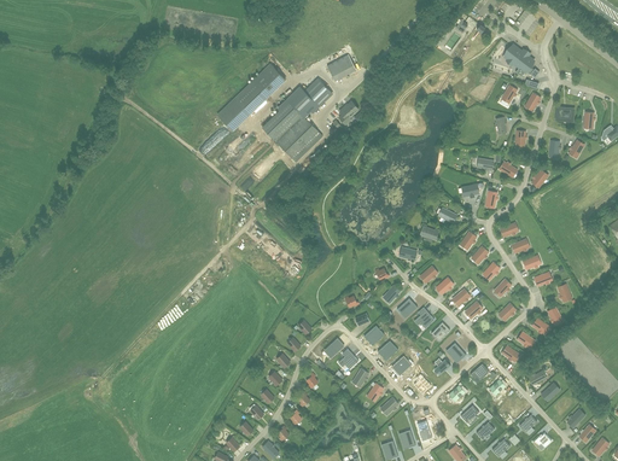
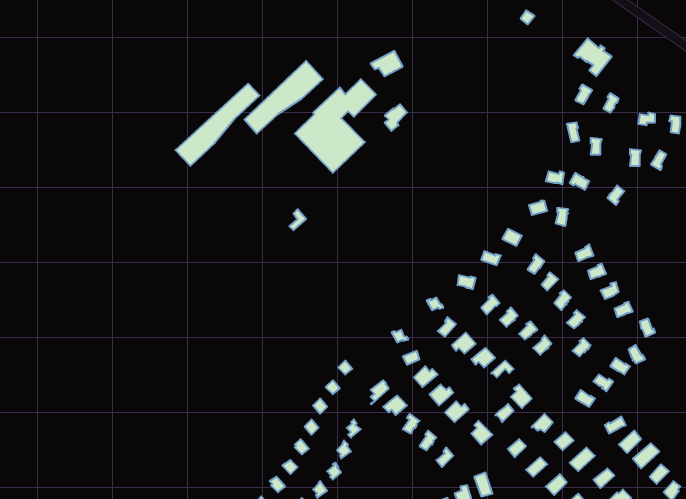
building: none -> [175,84,260,166]

